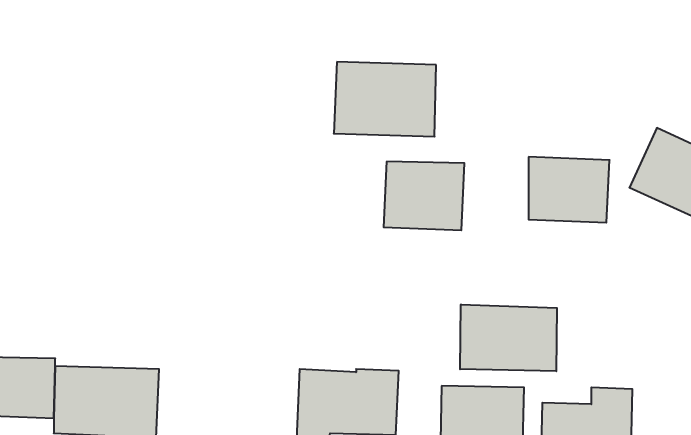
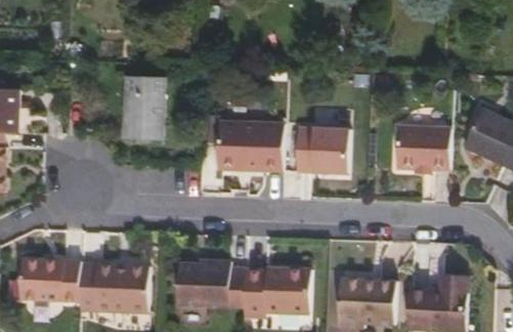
building: [334,62,436,137] -> [214,118,283,168]
building: none -> [123,75,164,139]
building: [460,304,557,371] -> none
building: none -> [174,260,228,306]

